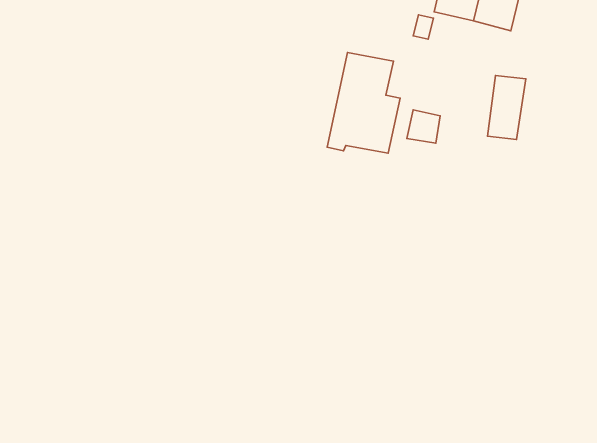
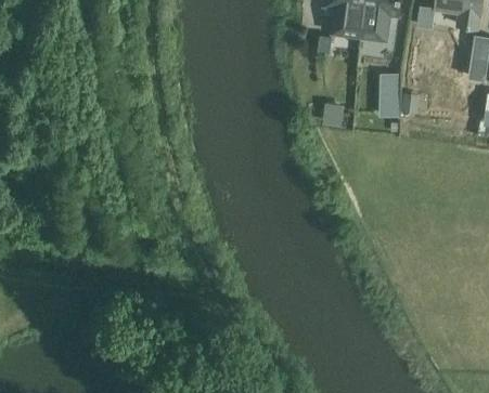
building: [327,52,400,153] -> none

